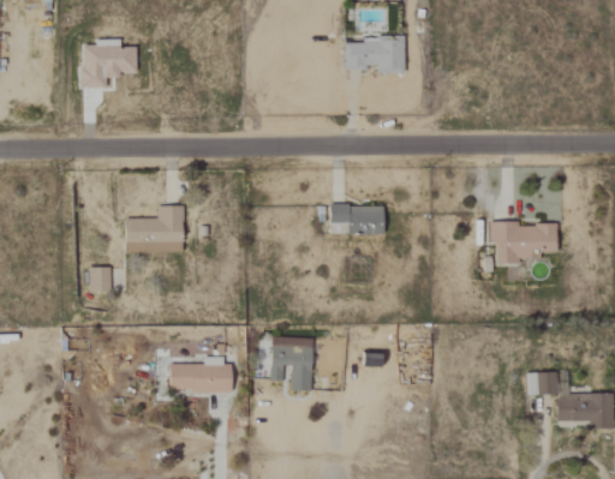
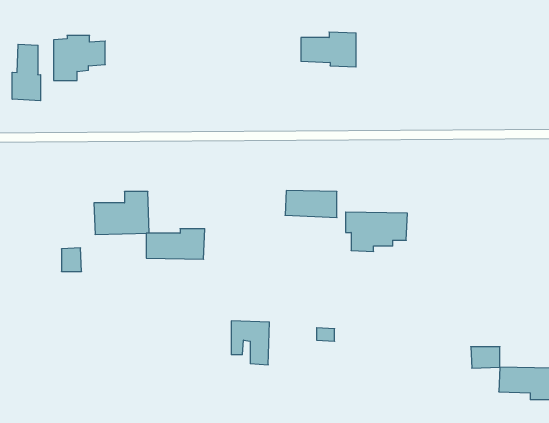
building: none -> [12,44,41,101]
building: [491,222,557,264] -> [346,212,407,251]
building: [169,359,232,391] -> [146,229,205,259]

